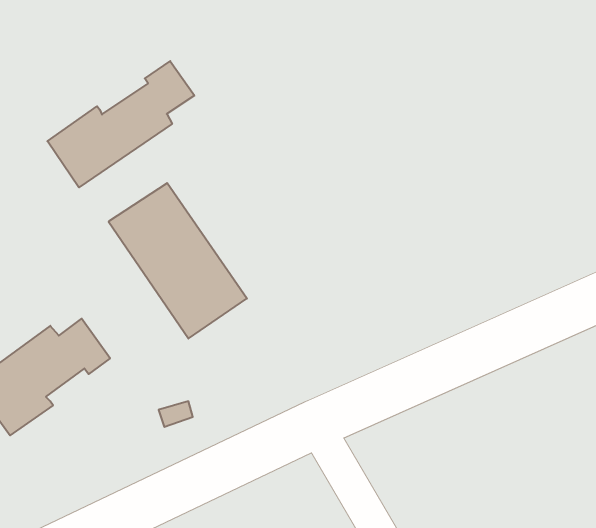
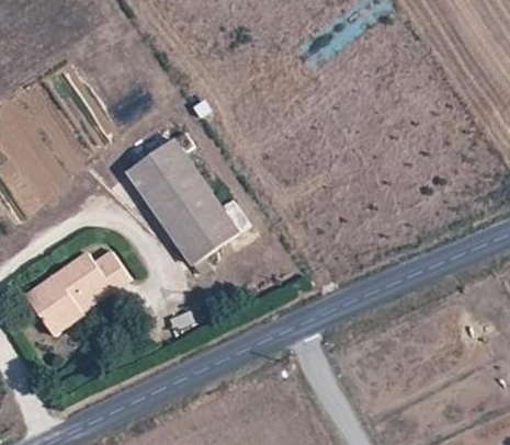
building: [47,61,194,187] -> none

